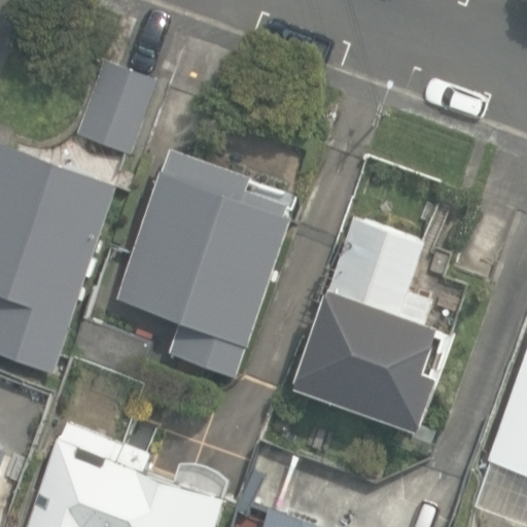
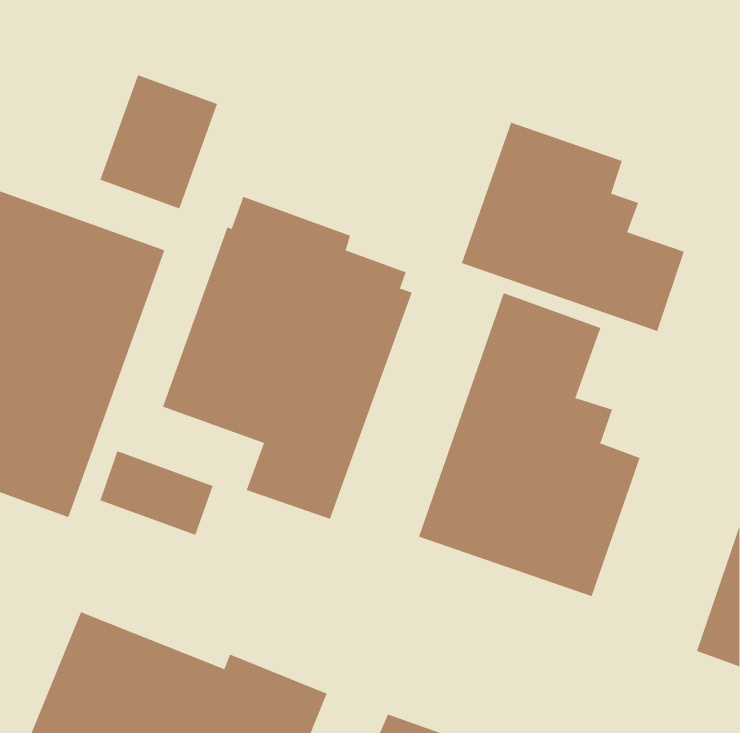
building: none -> [461,122,685,332]

